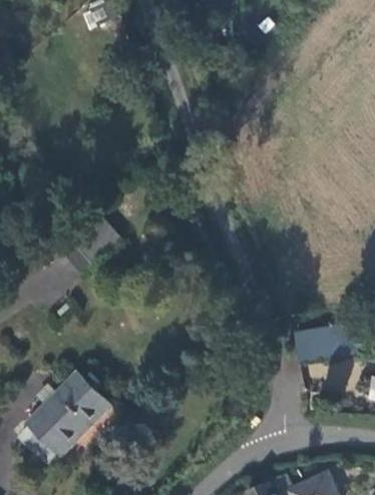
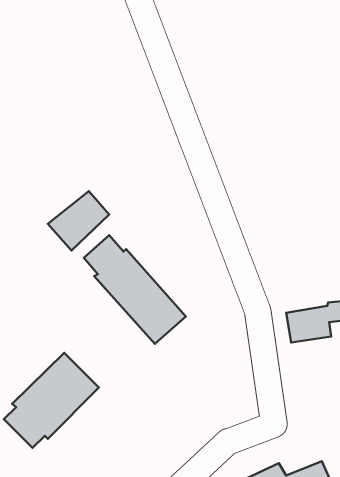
building: none -> [84,235,186,344]

